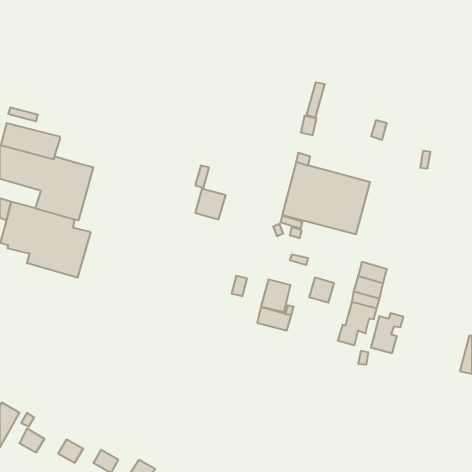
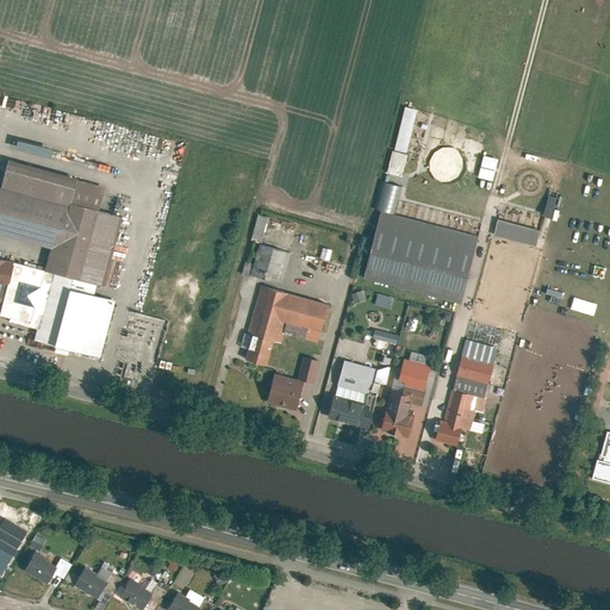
building: none -> [70,180,105,211]
building: none -> [494,219,539,247]
building: none -> [245,285,328,363]
building: none -> [267,374,303,410]
building: [371,313,403,353] -> [381,386,423,437]

